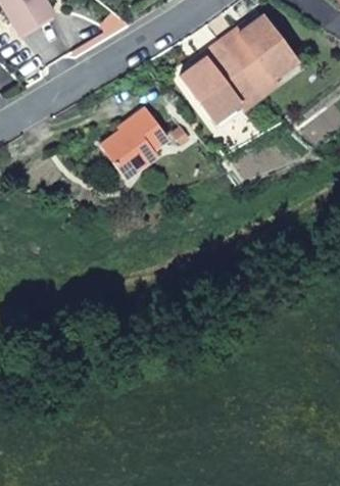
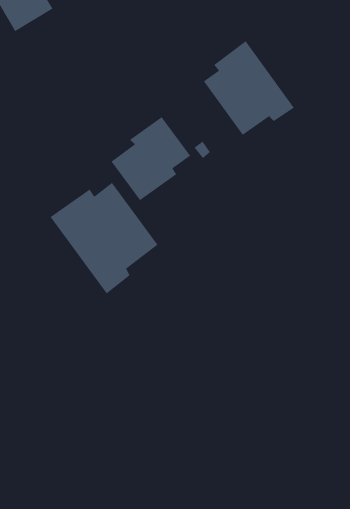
building: [220,12,300,98] -> none
building: none -> [50,182,158,294]

